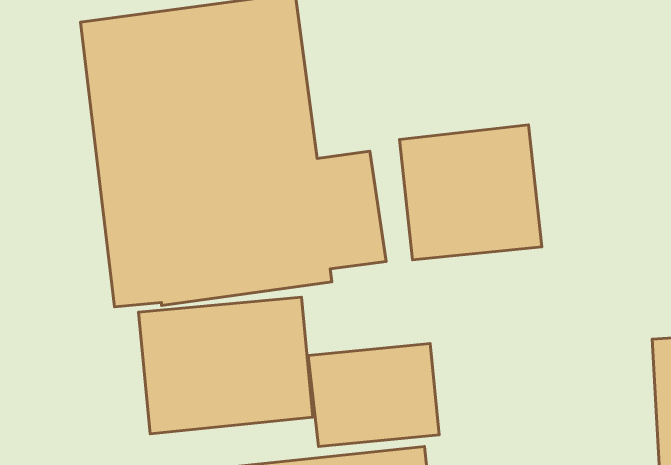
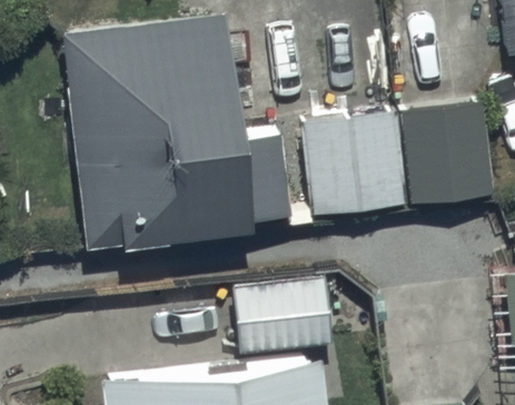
building: none -> [402,103,496,205]
building: [139,297,313,434] -> none

